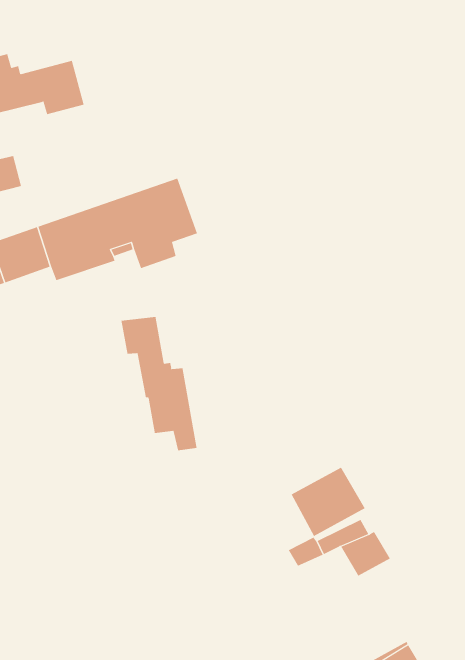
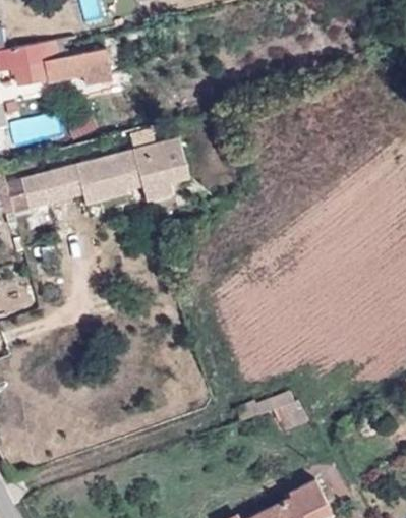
building: [121,316,197,451] -> none
building: [291,467,365,537] -> none

